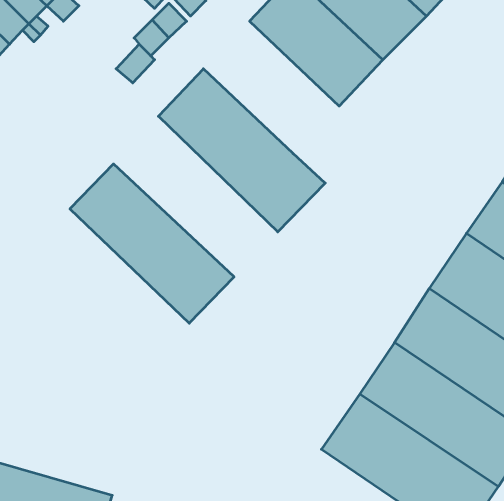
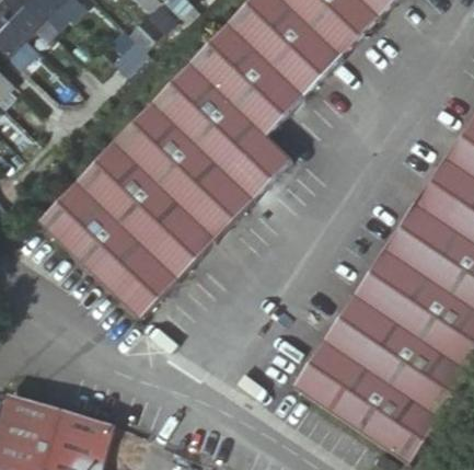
building: none -> [192,20,308,133]
building: none -> [115,101,255,238]
building: none -> [39,180,180,317]

